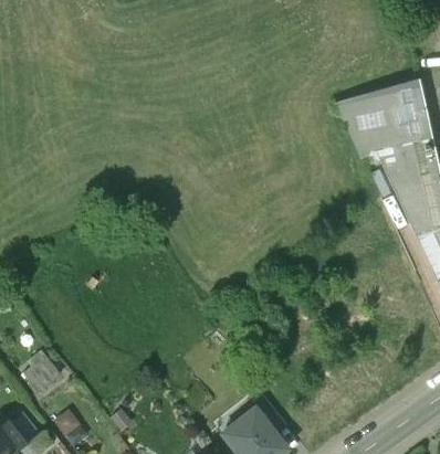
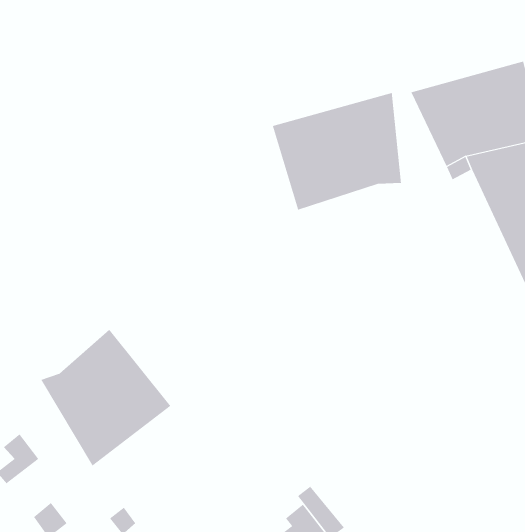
building: none -> [272,92,401,211]
building: none -> [41,329,171,467]

